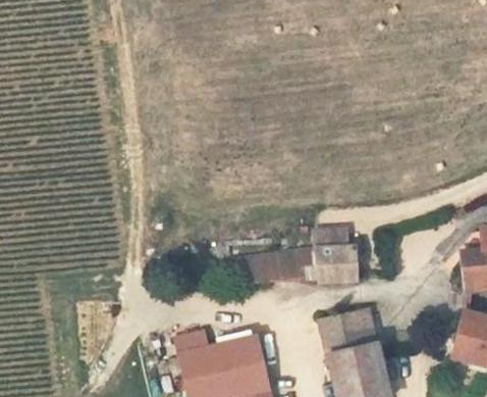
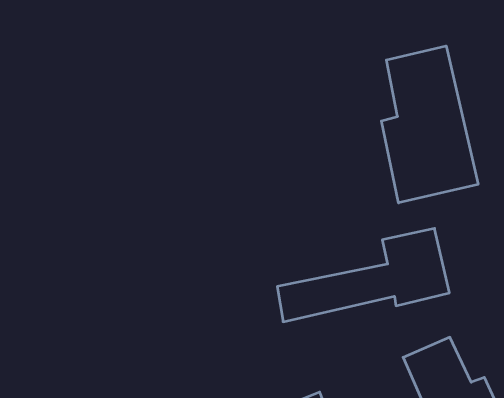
building: none -> [381,46,478,203]

